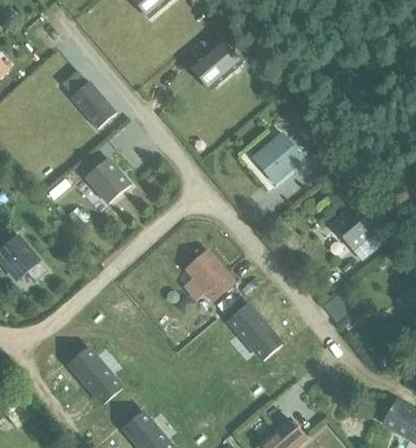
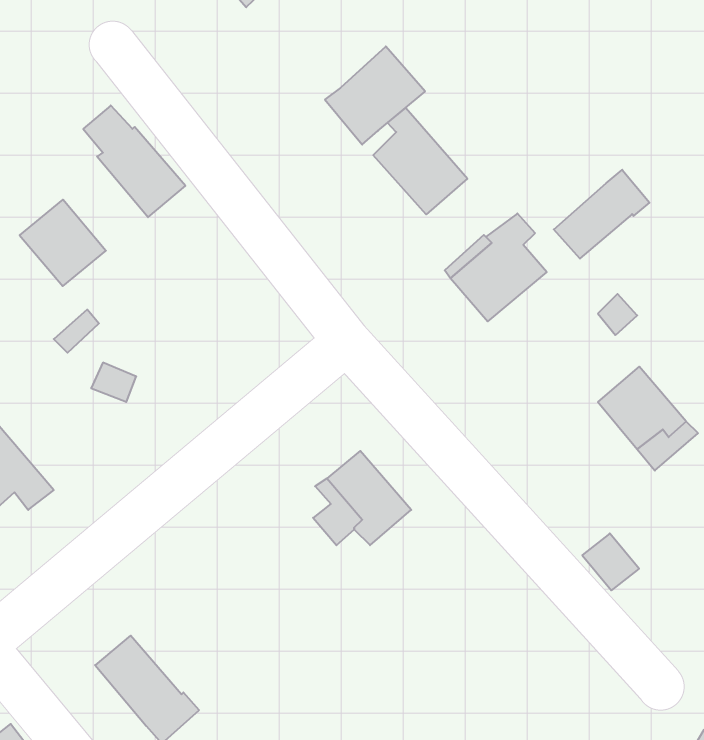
building: none -> [373,108,467,214]
building: none -> [554,170,649,259]
building: [84,158,129,203] -> [20,200,106,286]
building: [225,303,280,360] -> none

